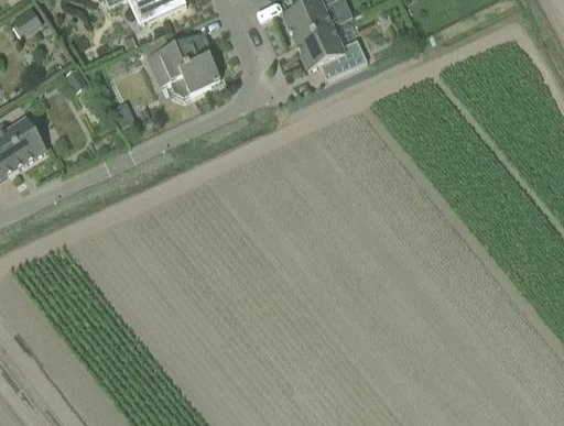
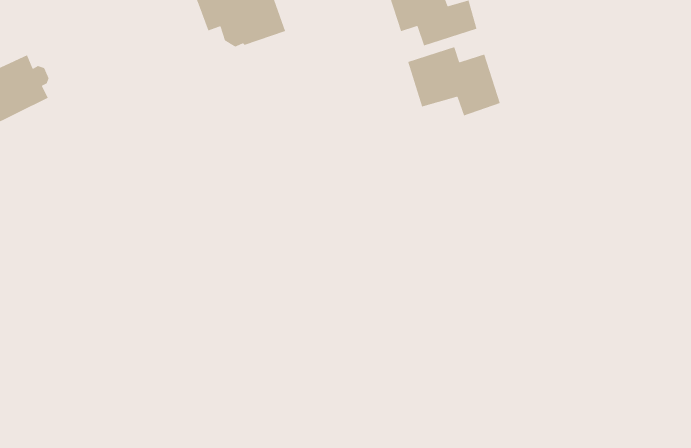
building: none -> [407,46,501,117]

